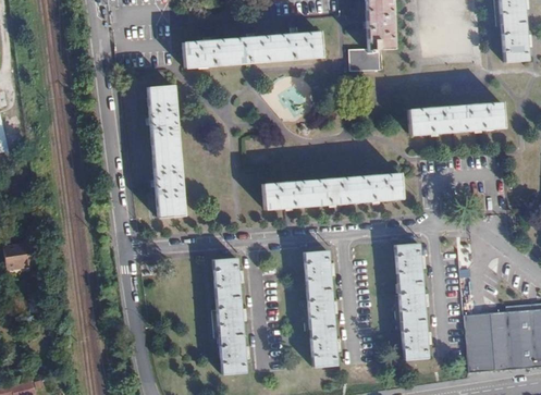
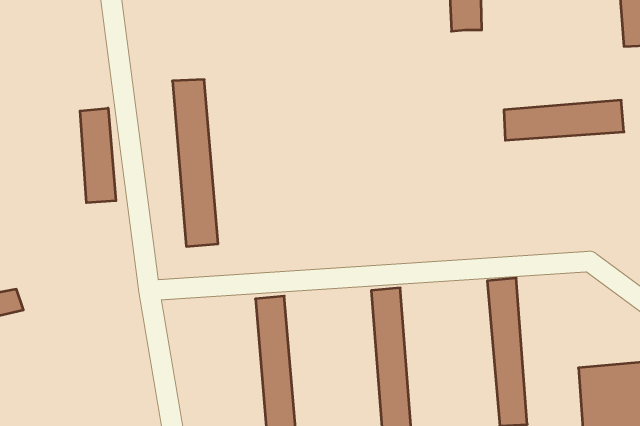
building: [183,32,322,67] -> none
building: [349,47,380,69] -> none
building: none -> [80,108,116,203]
building: [263,173,402,209] -> none

